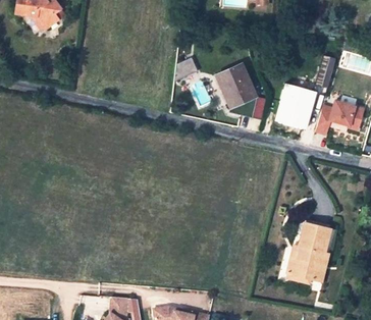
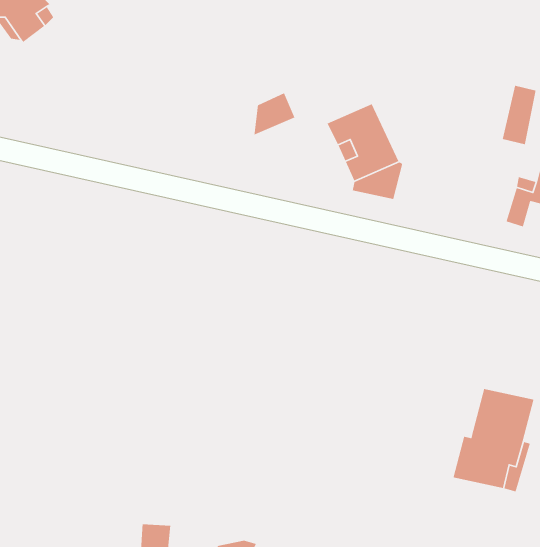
building: [274,84,314,128] -> none

